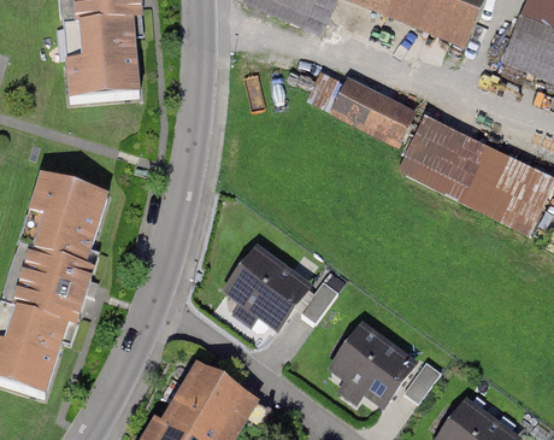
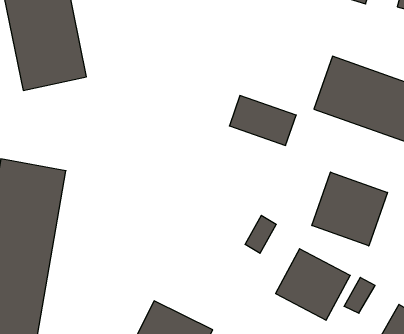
building: [337,81,413,142] -> [229,96,296,145]
building: none -> [312,172,387,246]
building: [220,244,307,328] -> none

